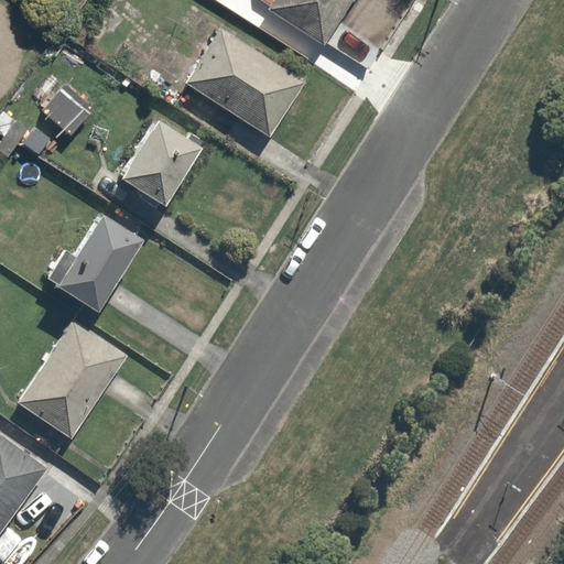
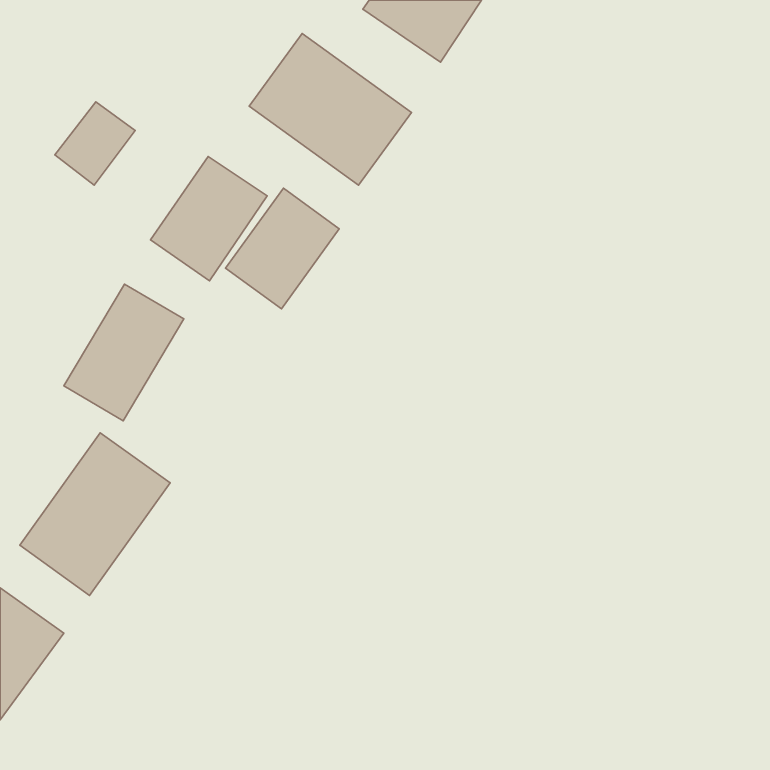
building: none -> [226,188,339,309]

